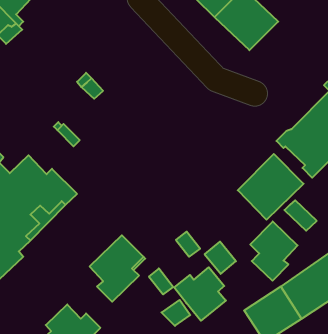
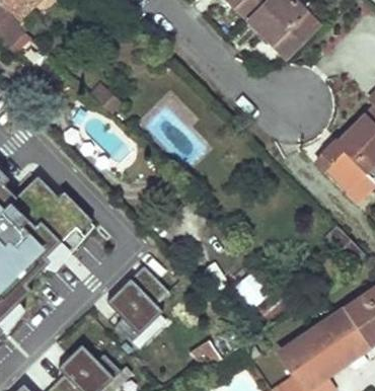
building: [238,154,304,220] -> none
building: [250,221,298,281] -> none
building: [174,267,226,321] -> none

